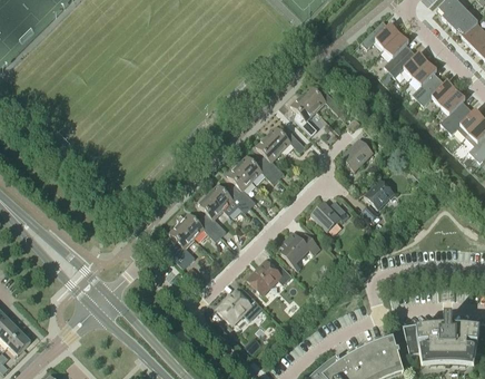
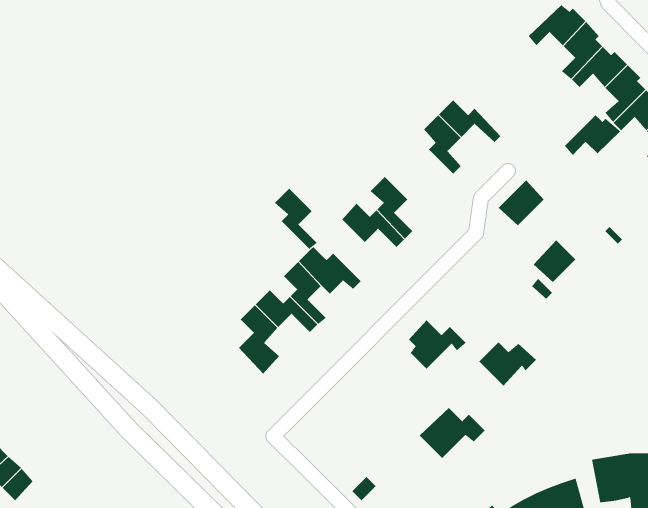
building: none -> [564,115,621,156]
building: [266,126,306,152] -> none
building: [227,165,256,206] -> [274,188,317,249]
building: [311,202,350,232] -> [478,341,537,386]
building: [247,260,291,294] -> [419,407,486,459]
building: [217,289,263,324] -> none

